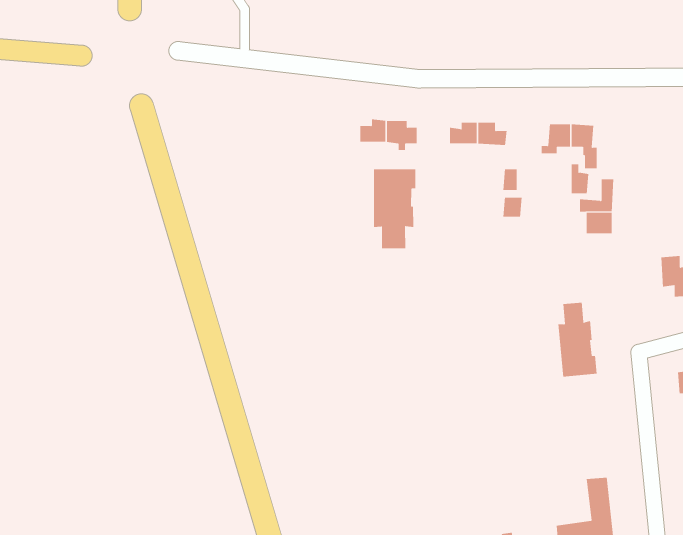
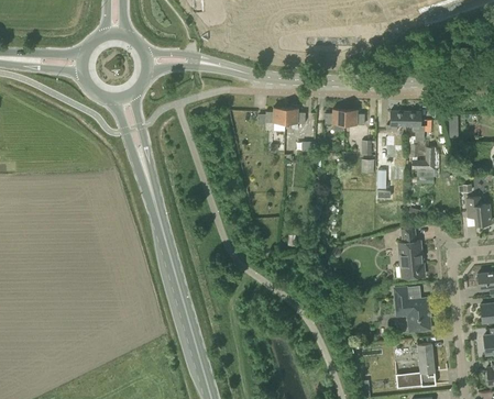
building: [373,168,416,249] -> none
building: none -> [395,288,430,332]

